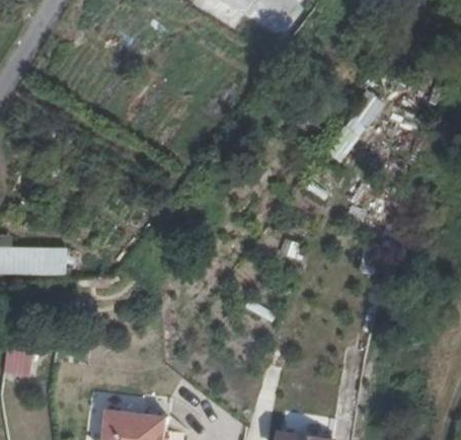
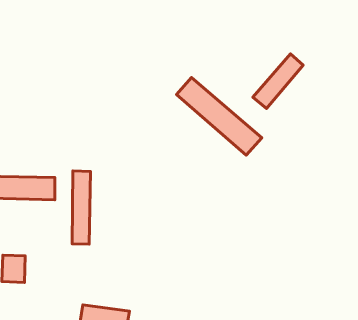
building: none -> [176,78,262,155]
building: none -> [72,171,90,244]

